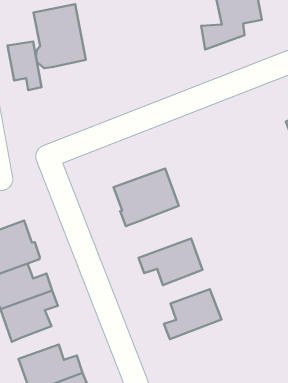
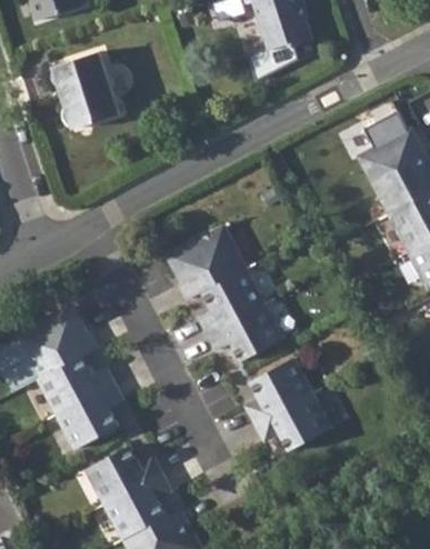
building: [8,42,42,90] -> none
building: none -> [199,268,266,333]
building: none -> [256,392,331,451]

